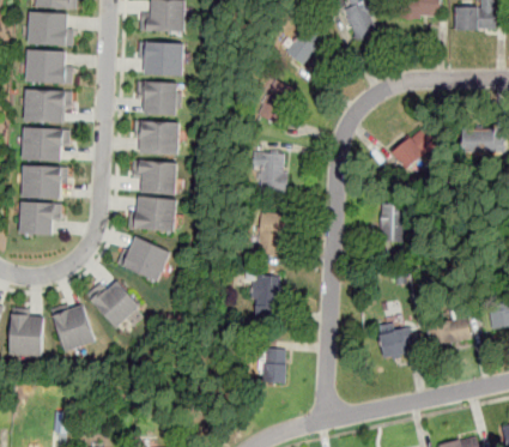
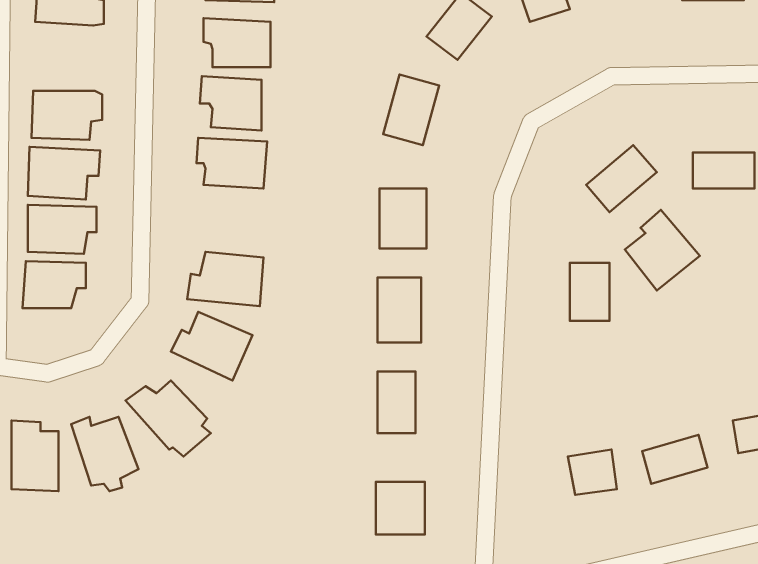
building: [25,50,73,84] -> none
building: [131,159,177,194] -> none
building: none -> [625,210,700,291]

